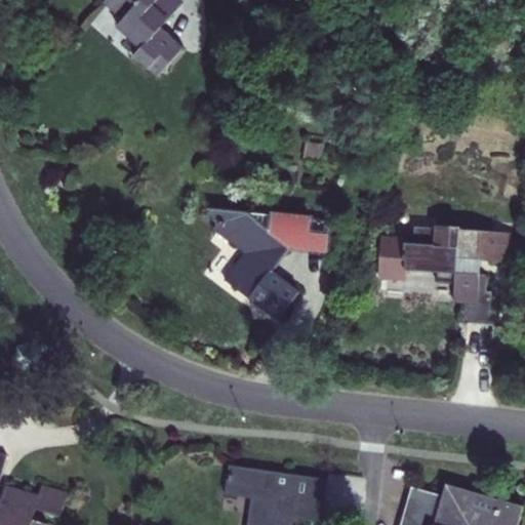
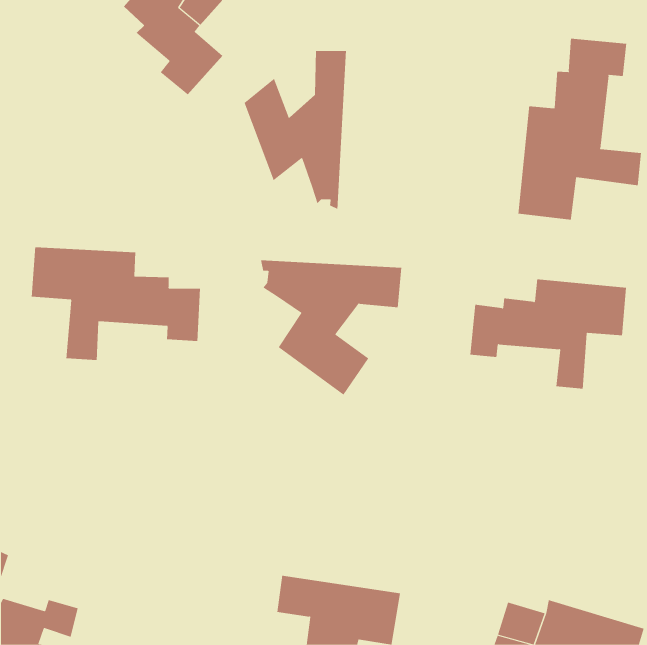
building: none -> [518,38,642,221]
building: none -> [244,50,346,210]
building: none -> [31,246,201,361]

